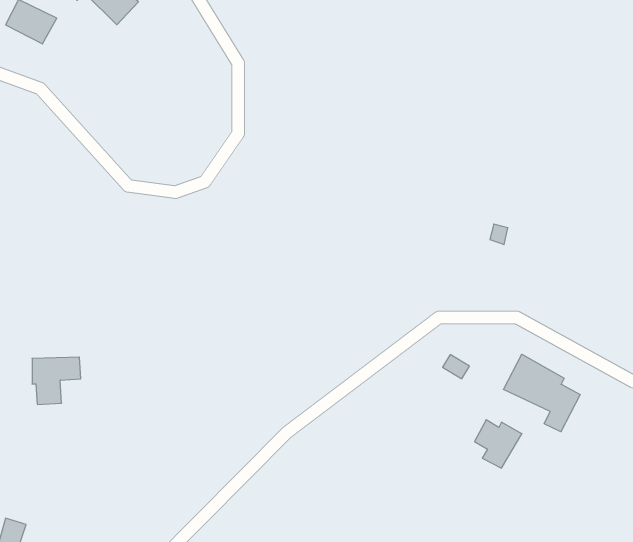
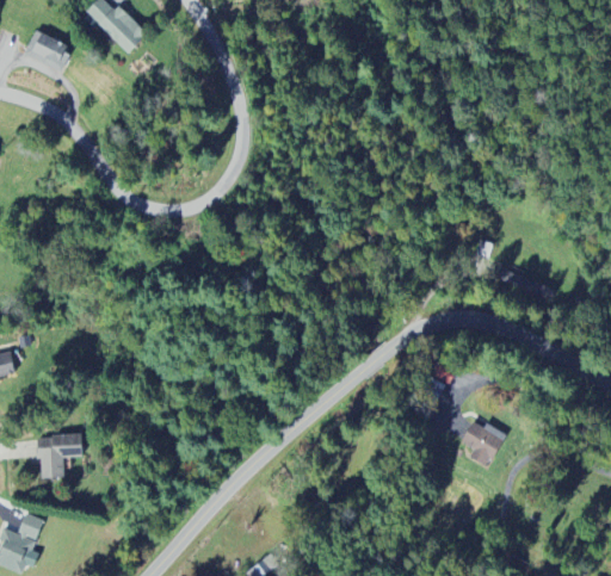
building: [503,354,580,432] -> none
building: [32,357,81,404] -> [37,434,82,478]

